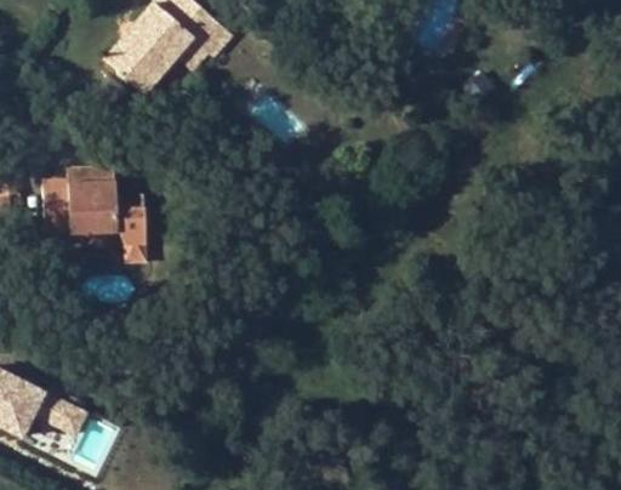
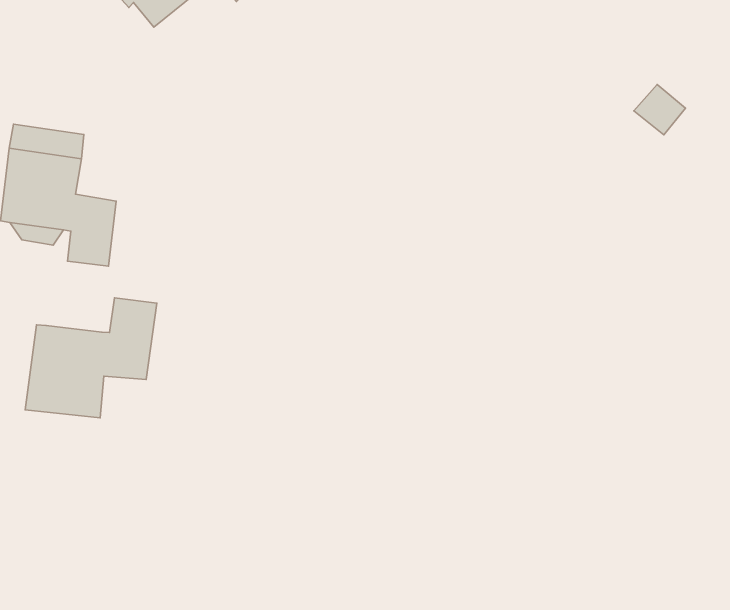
building: none -> [25,298,157,418]

